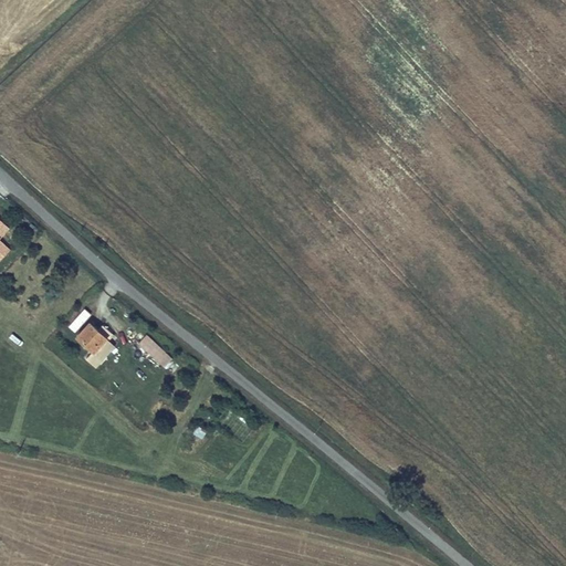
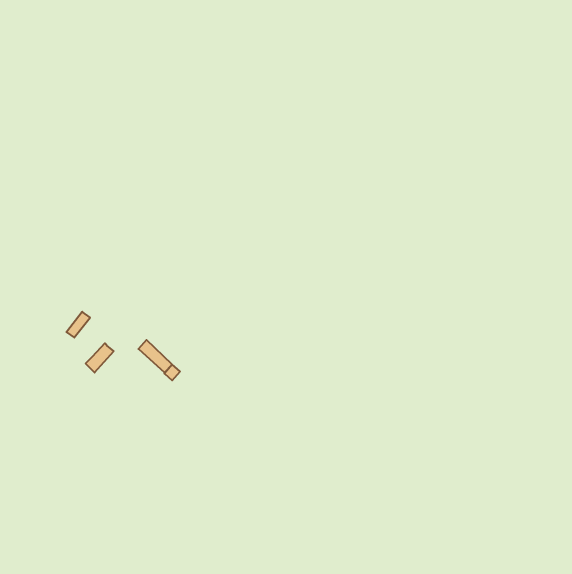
building: [75,324,111,350] -> none

